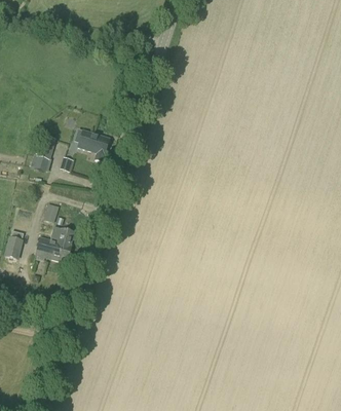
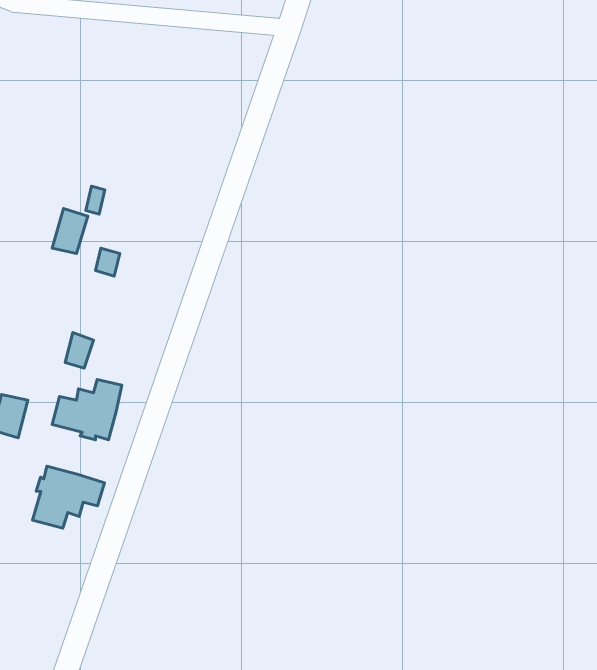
building: [76,128,108,162] -> none
building: none -> [33,466,105,528]

